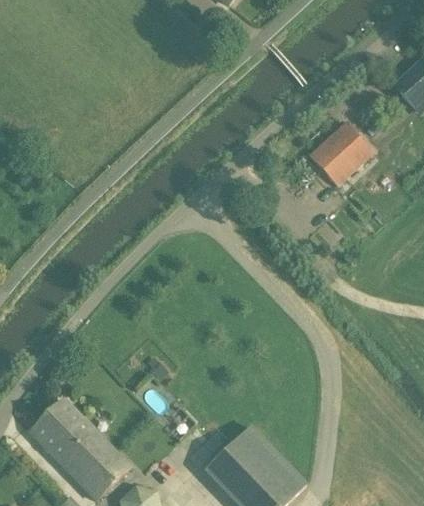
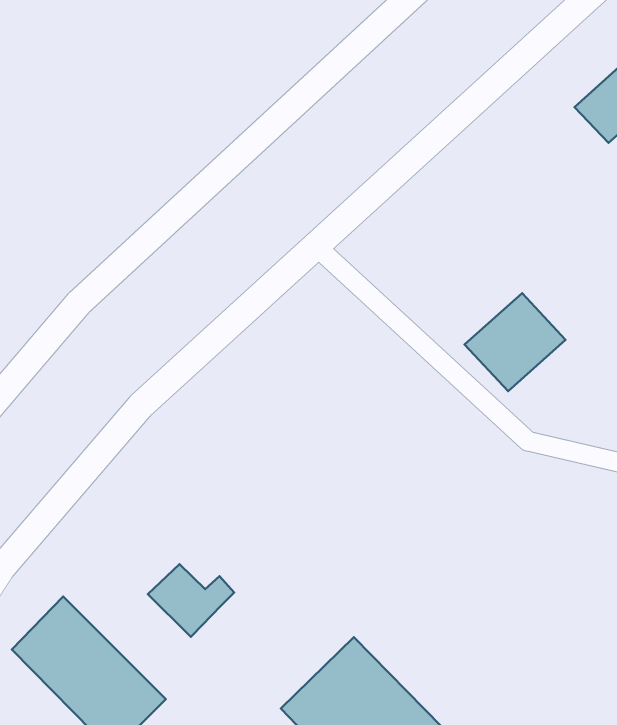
building: [307,121,372,184] -> [465,293,566,391]
building: none -> [148,564,234,637]

